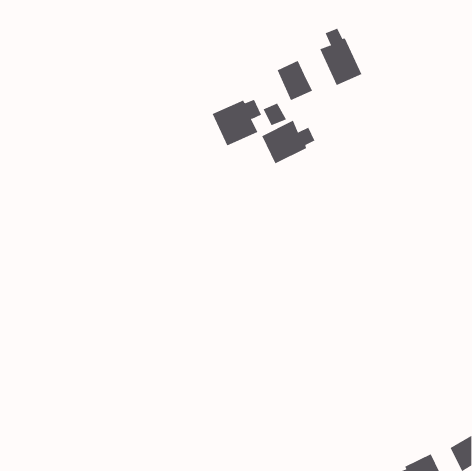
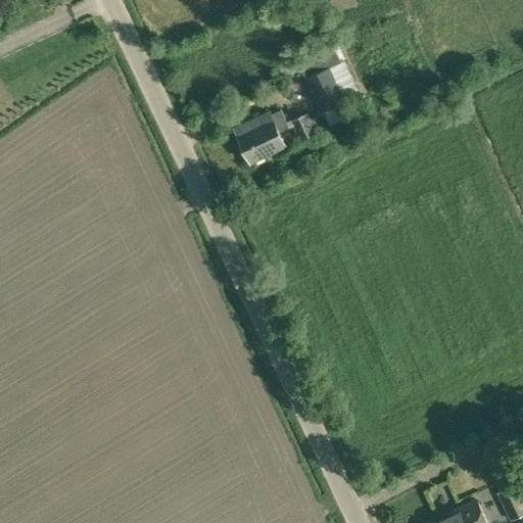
building: [319,28,362,86] -> none
building: [261,120,315,164] -> none

